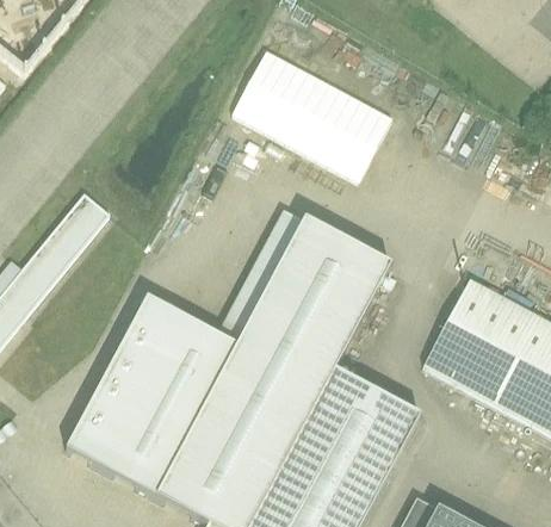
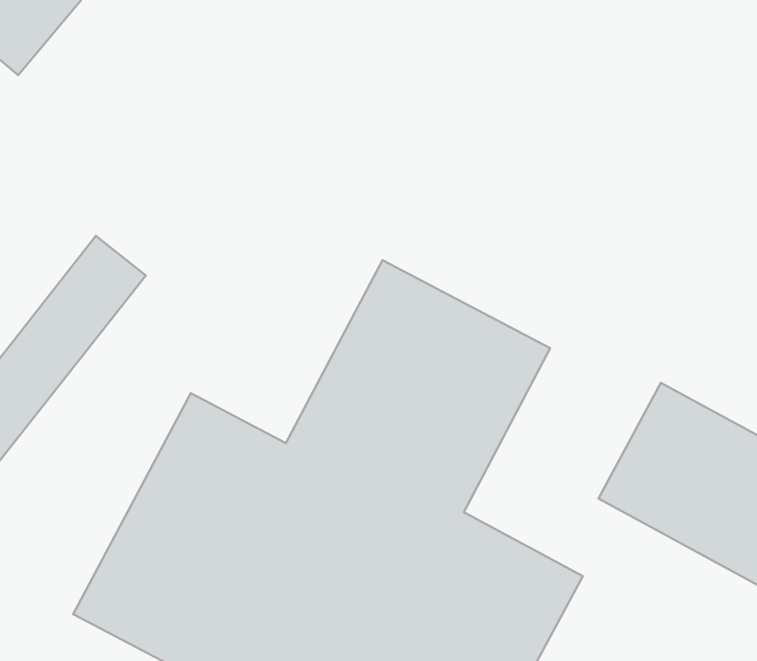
building: [230,50,400,185] -> none

